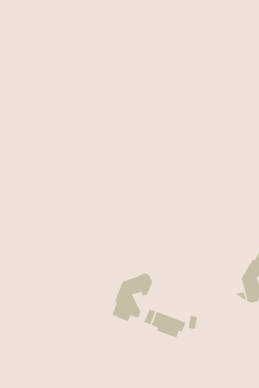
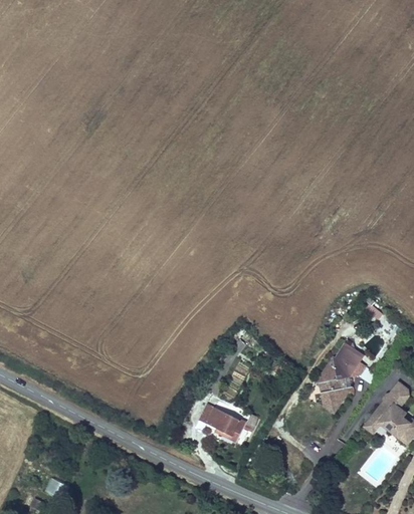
building: [112,273,153,322] -> none

